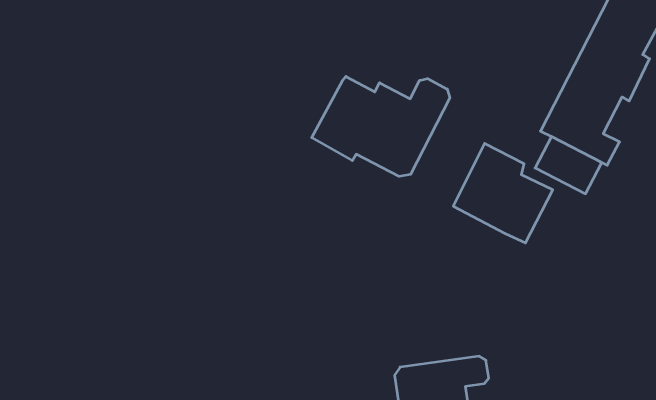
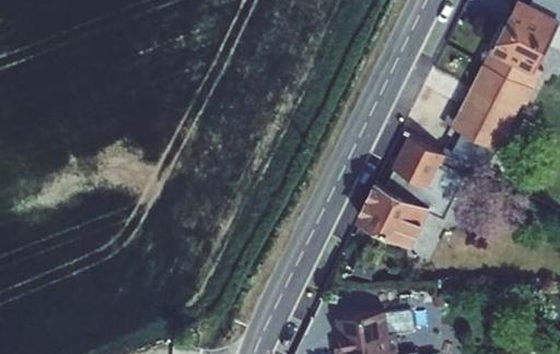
building: [312,76,450,176] -> none
building: none -> [359,182,425,248]

